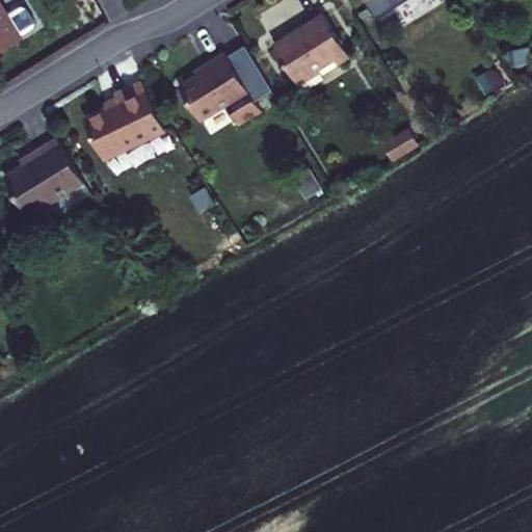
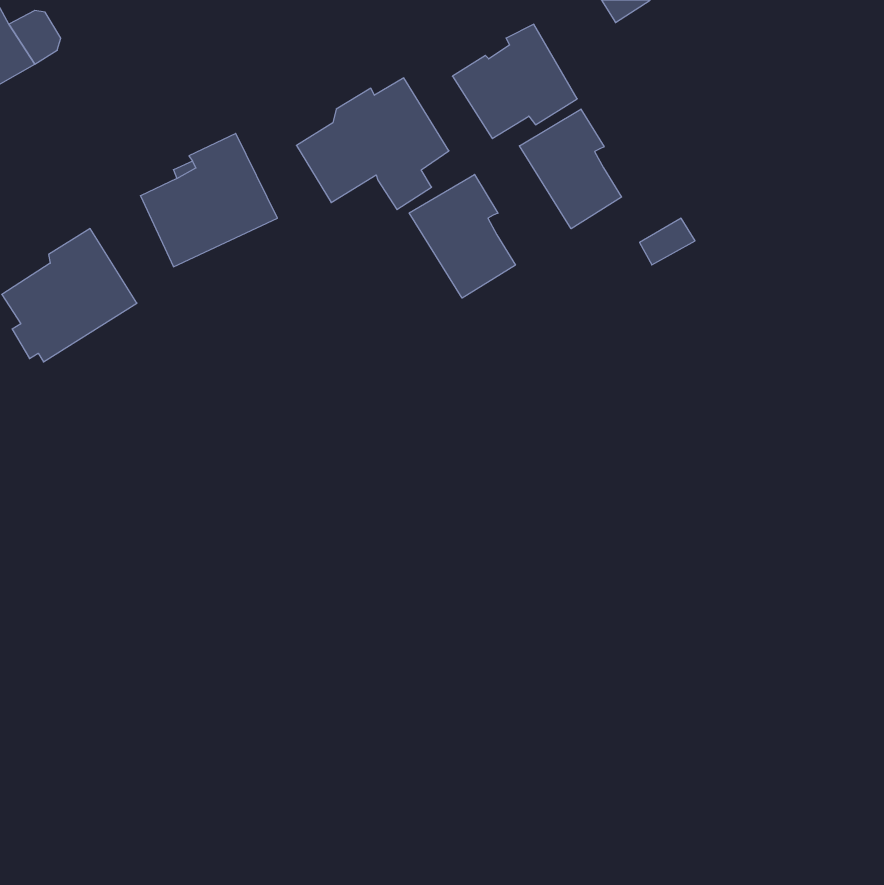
building: none -> [519,109,622,229]
building: none -> [409,174,515,298]

